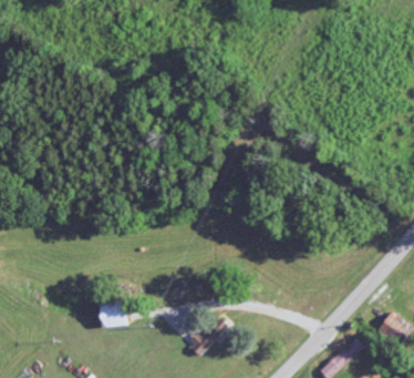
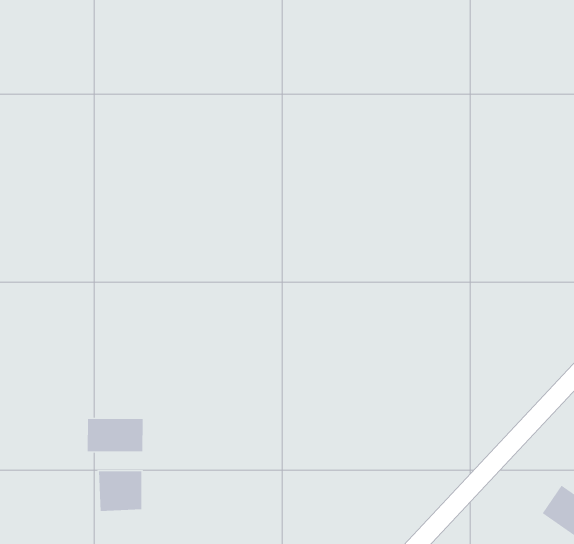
building: none -> [87,418,143,452]

